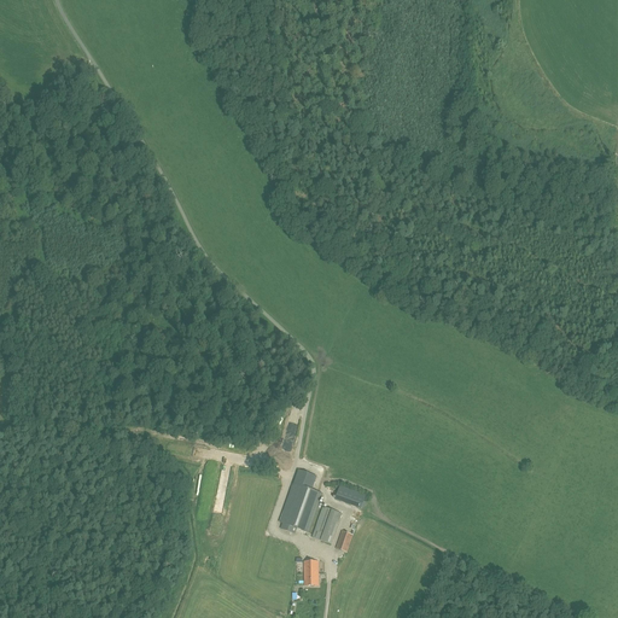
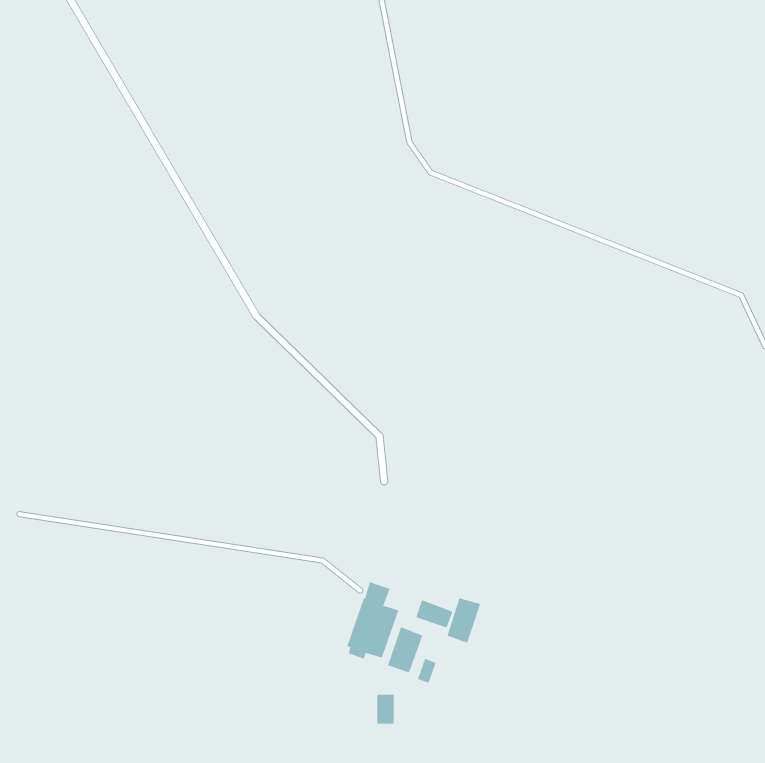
building: none -> [447,597,481,644]

